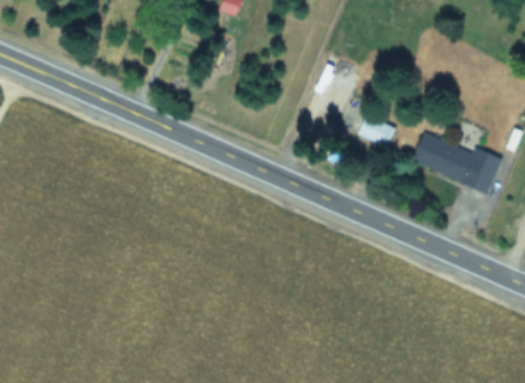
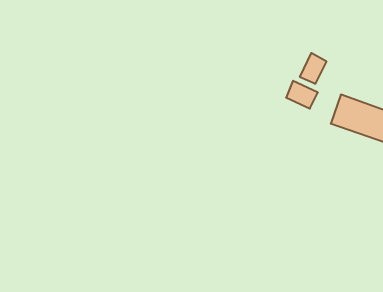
building: none -> [300,53,326,84]

